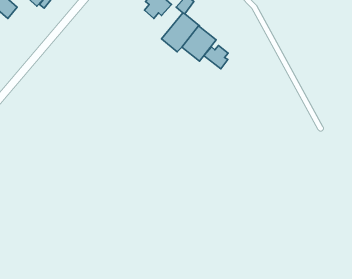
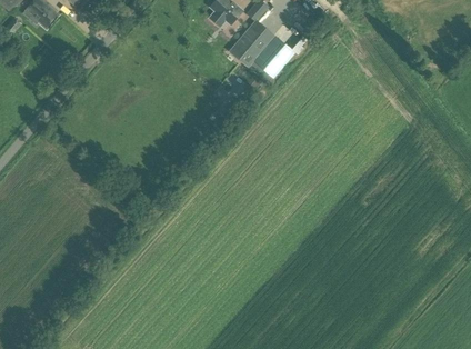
building: [204,46,228,69] -> none

